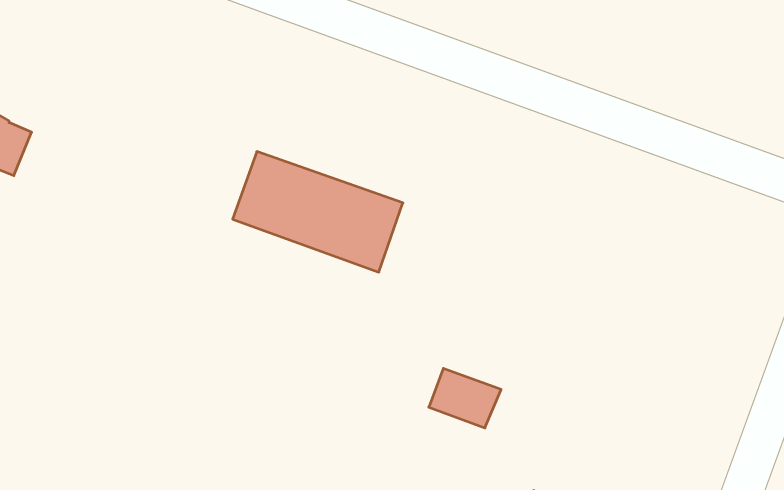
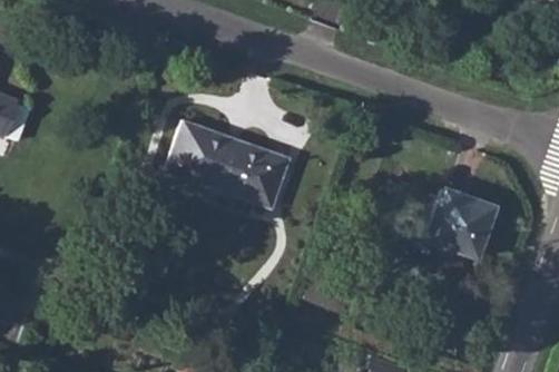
building: none -> [425,188,492,255]

